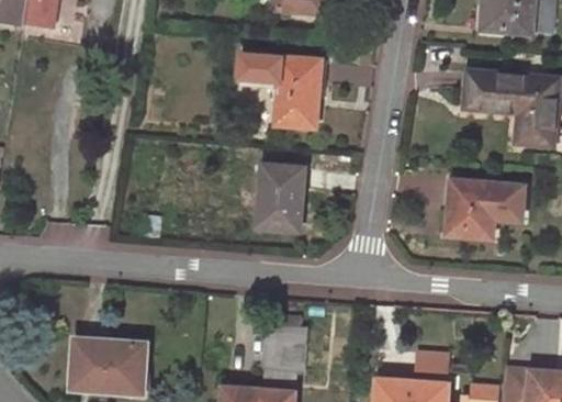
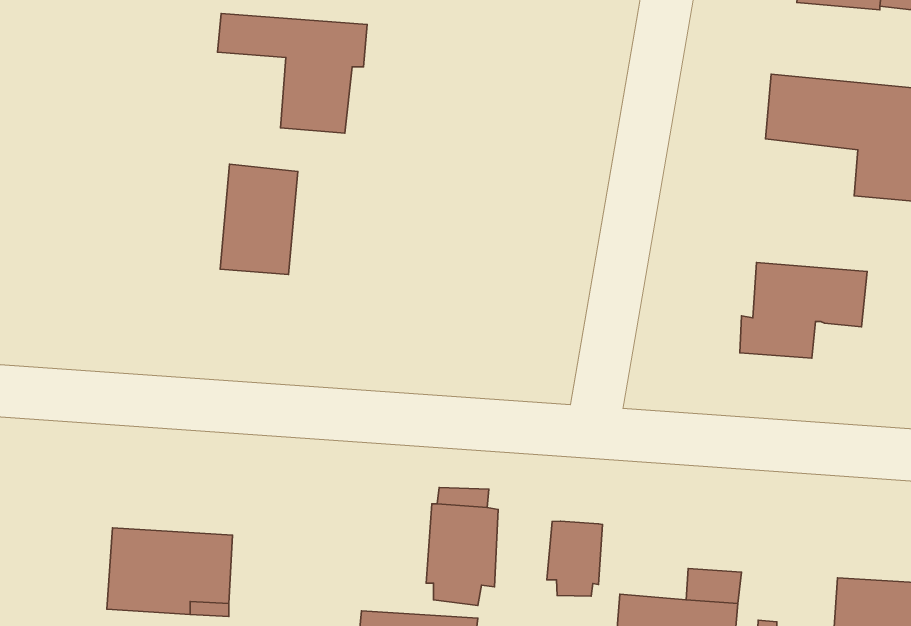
building: [238,55,327,126] -> [218,13,367,133]
building: [257,165,303,231] -> [220,164,298,275]
building: none -> [547,521,603,596]

